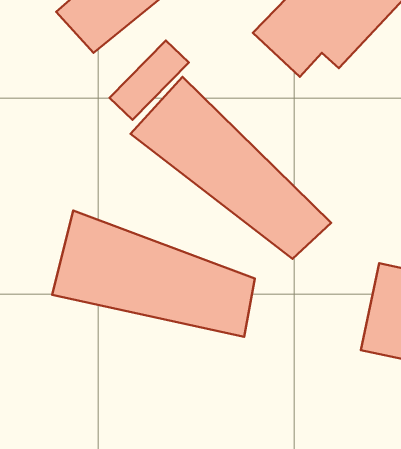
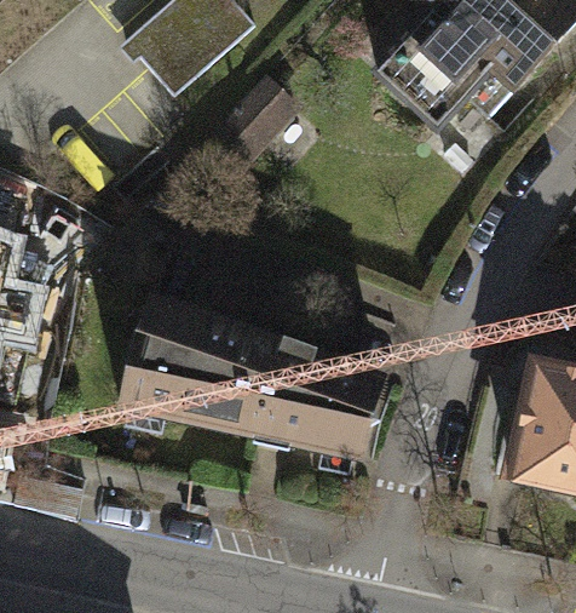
building: [130,77,331,259] -> none

